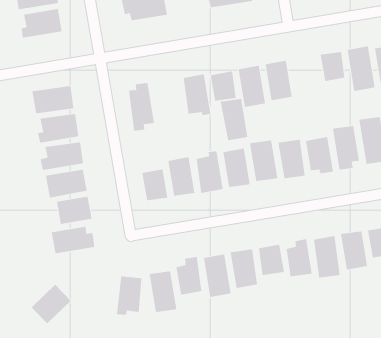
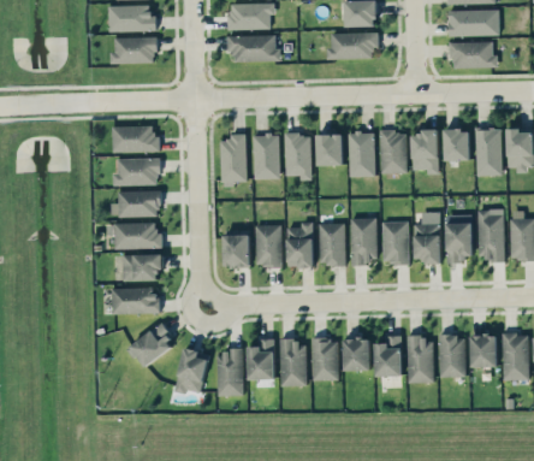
building: none -> [413,130,438,172]
building: [220,99,248,141] -> [253,134,279,179]
building: [31,284,71,324] -> [129,324,176,368]

